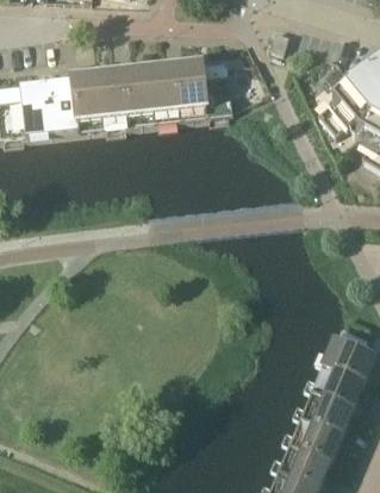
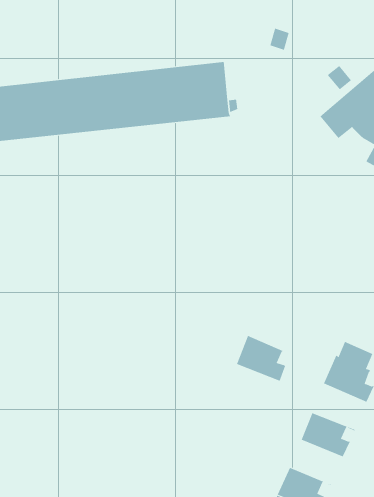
building: [311,369,363,413] -> [236,335,291,381]
building: [289,423,341,466] -> none

